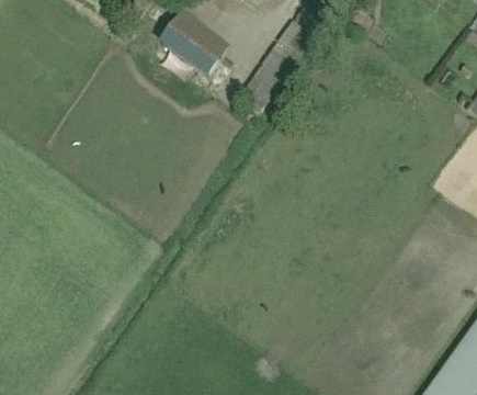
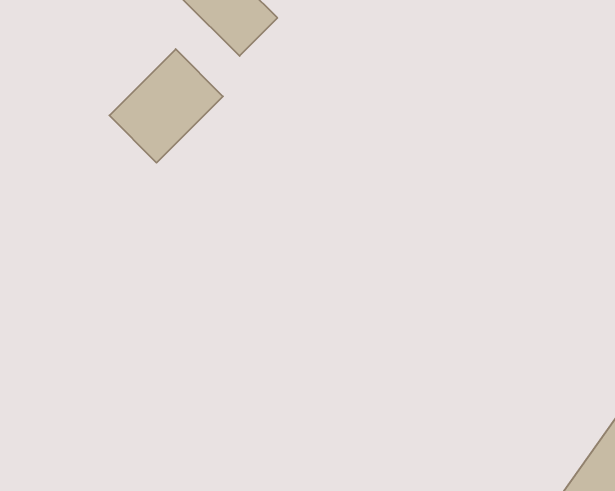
building: none -> [109,49,223,163]

